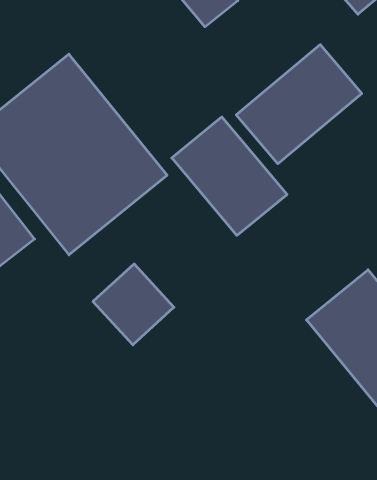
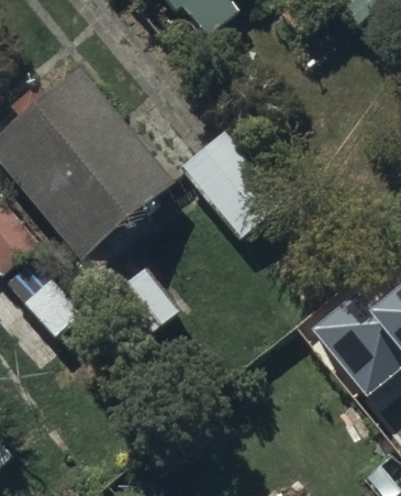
building: [236,45,362,164] -> none

